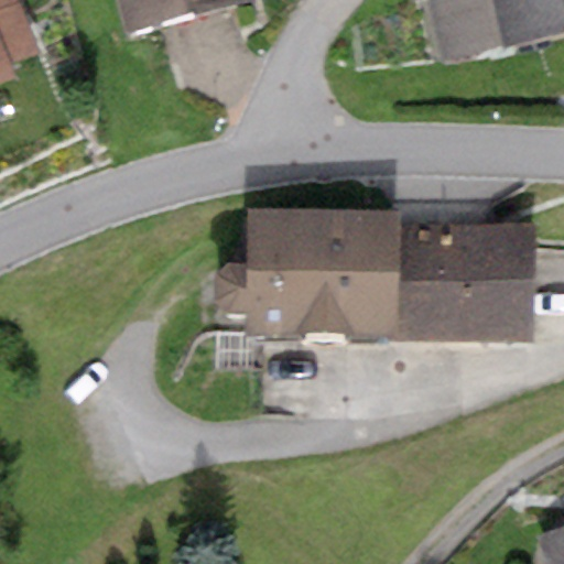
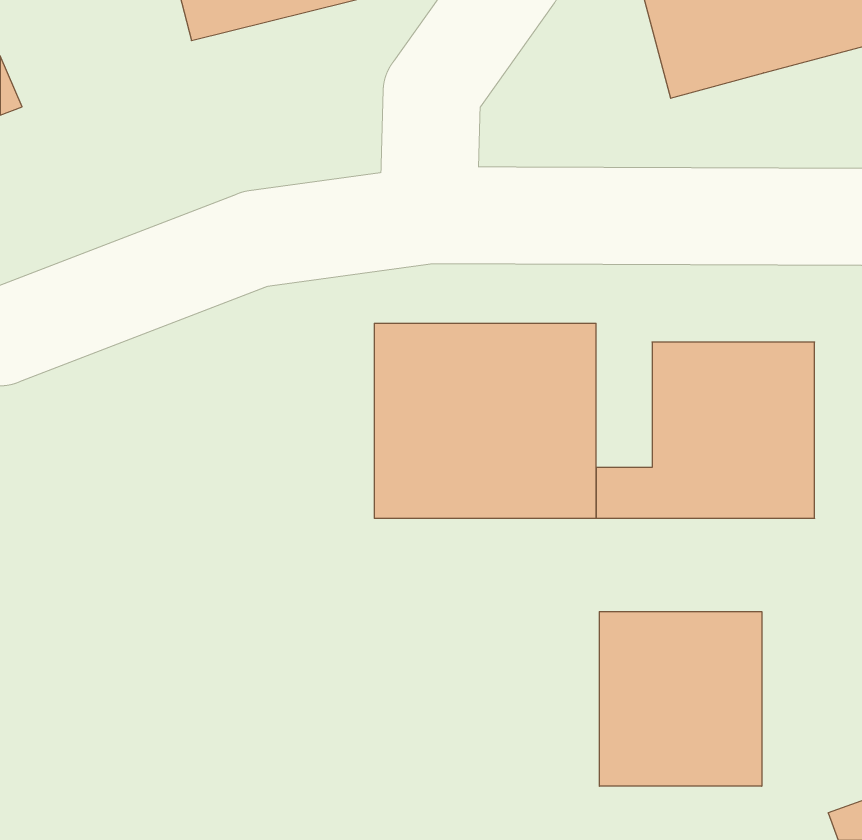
building: none -> [599,612,762,786]

